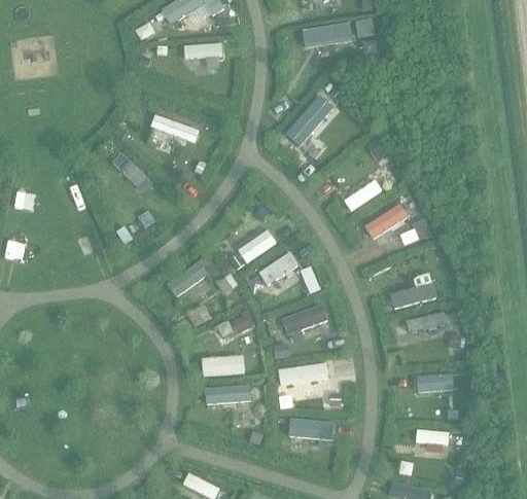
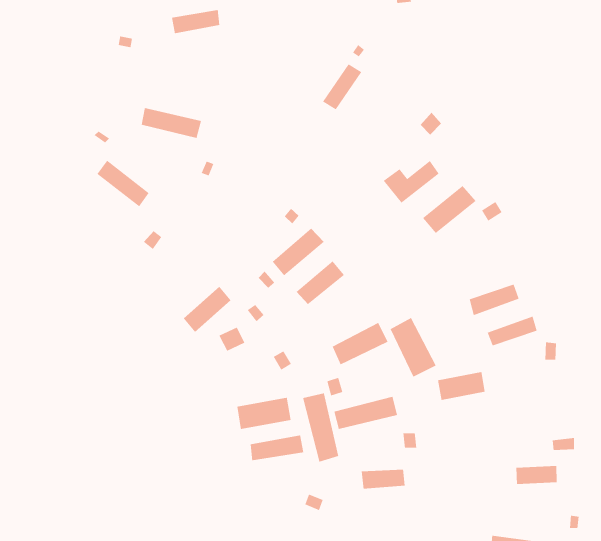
building: none -> [390,317,437,378]
building: none -> [303,392,339,462]
building: [417,373,454,393] -> [437,371,486,401]

